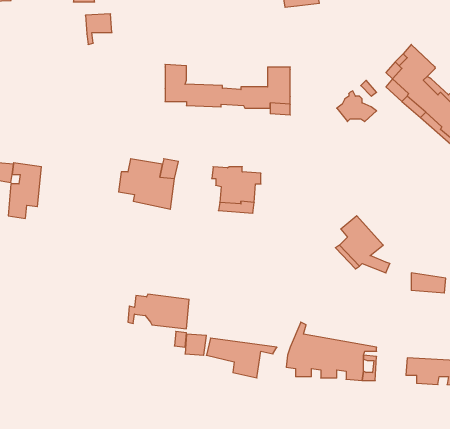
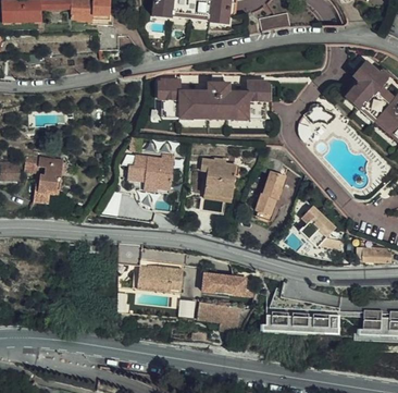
building: none -> [179,72,247,97]
building: none -> [258,171,286,217]
building: none -> [202,272,246,295]

